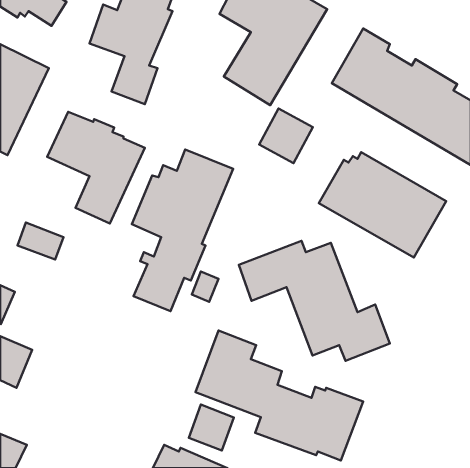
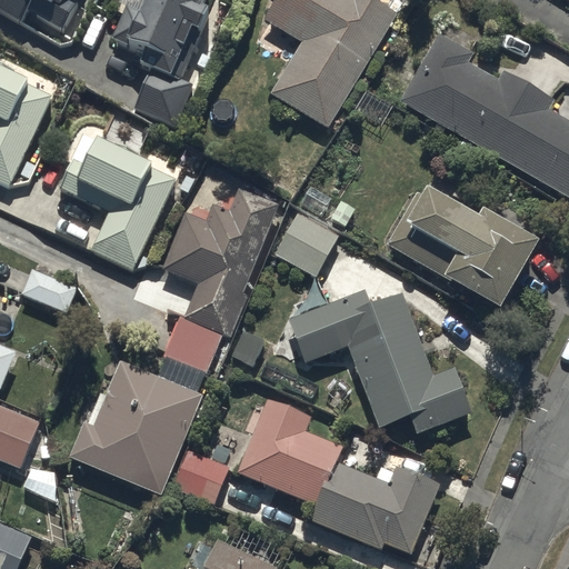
building: [259,109,313,163] -> [274,211,339,277]
building: none -> [71,359,202,493]
building: [189,404,234,451] -> [174,449,229,505]

